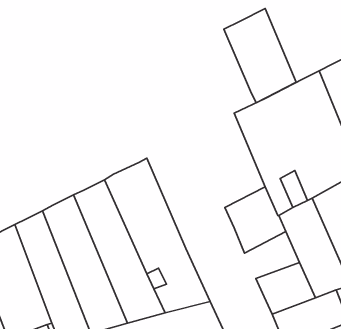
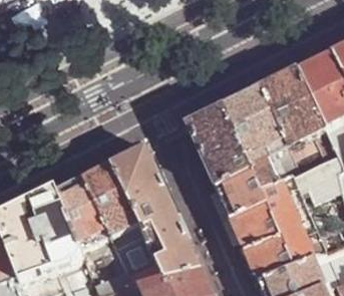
building: [224,9,296,103] -> [186,100,249,183]
building: none -> [231,204,279,245]

